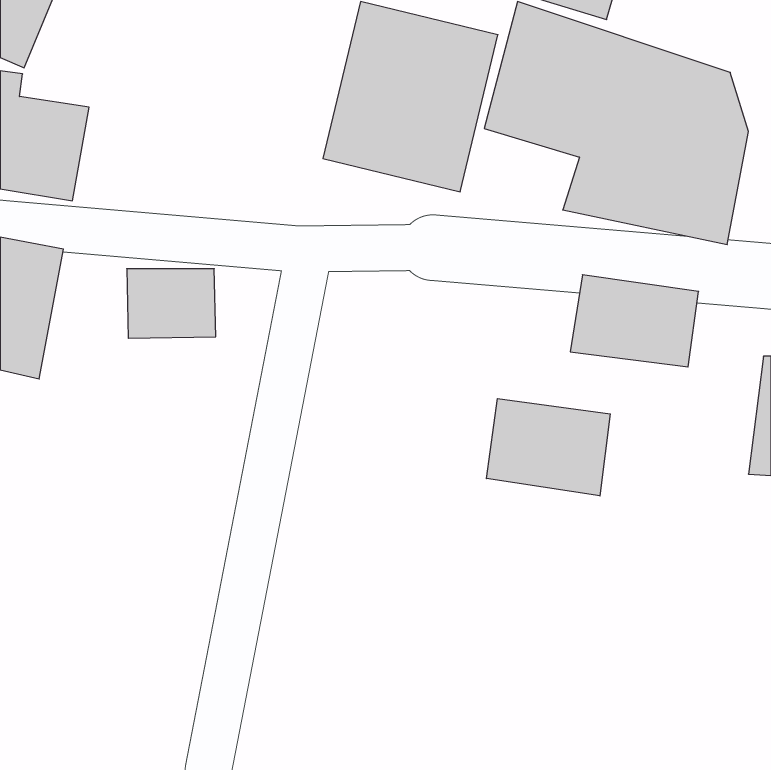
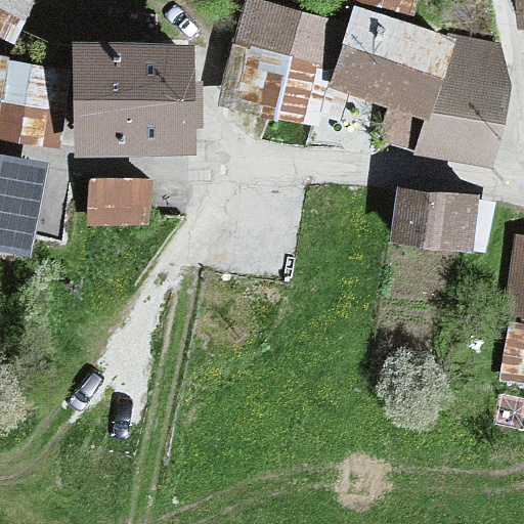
building: none -> [75,40,191,149]
building: [486,399,610,496] -> none

